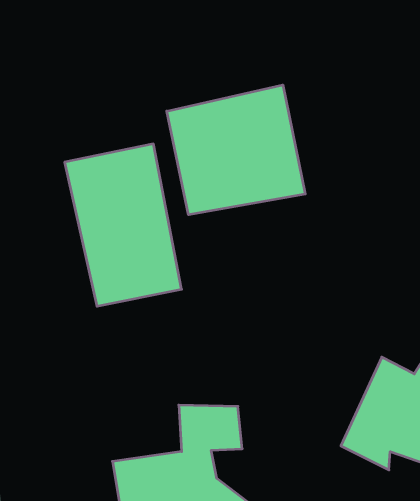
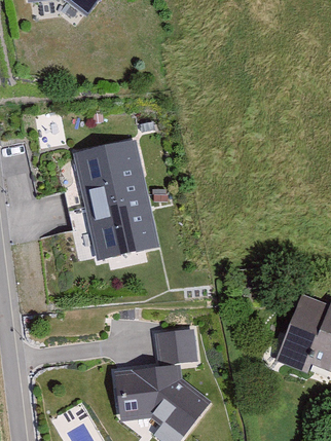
building: [167,85,305,215] -> none

